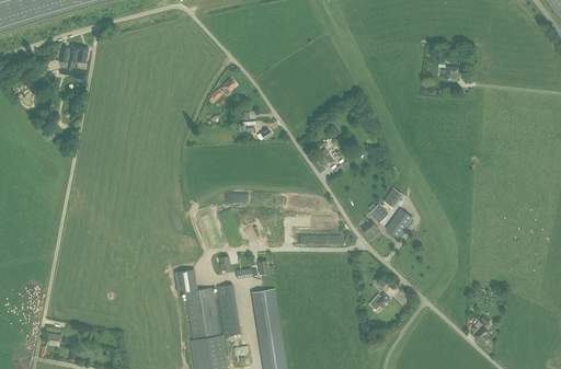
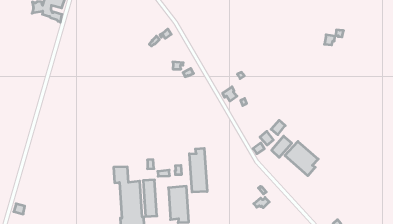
building: none -> [285,141,318,176]
building: none -> [189,148,207,192]

